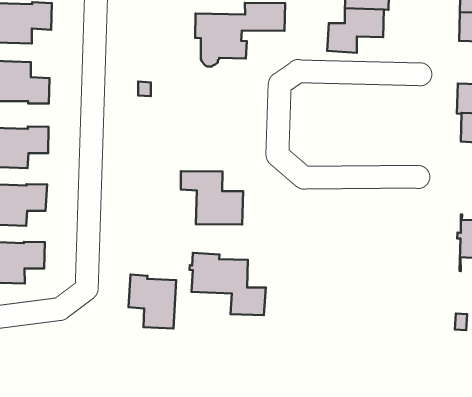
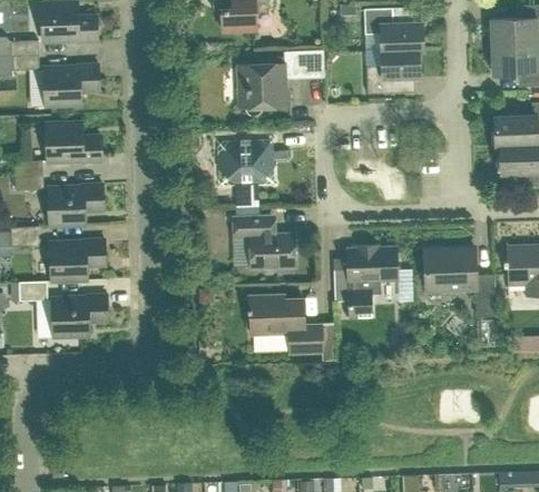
building: none -> [215,138,290,189]
building: none -> [333,247,399,318]
building: none -> [424,246,494,316]
building: [128,274,176,328] -> none

